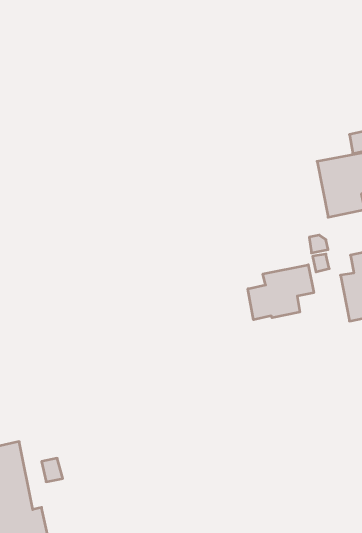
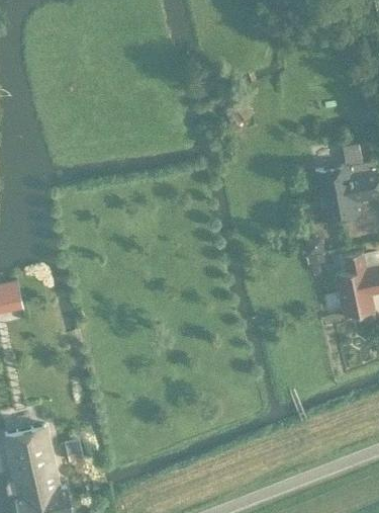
building: [248,265,314,320] -> none

